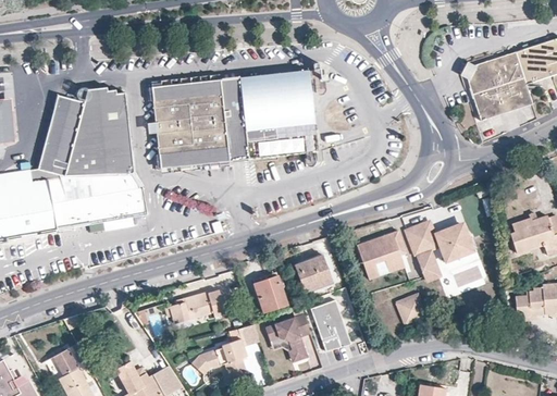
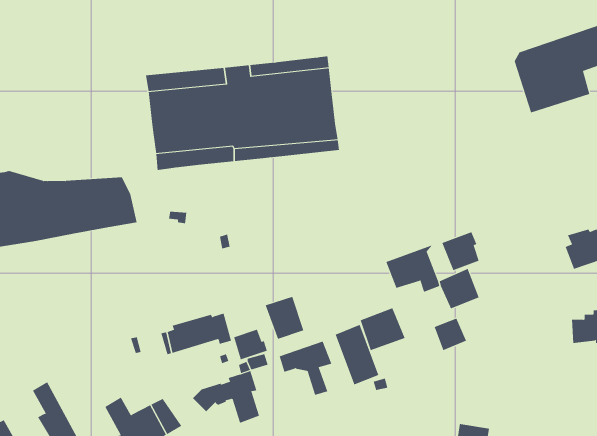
building: [35,82,132,176] -> none
building: [435,222,474,261] -> none
building: [295,255,334,292] -> [360,308,406,351]
building: none -> [233,329,268,360]

